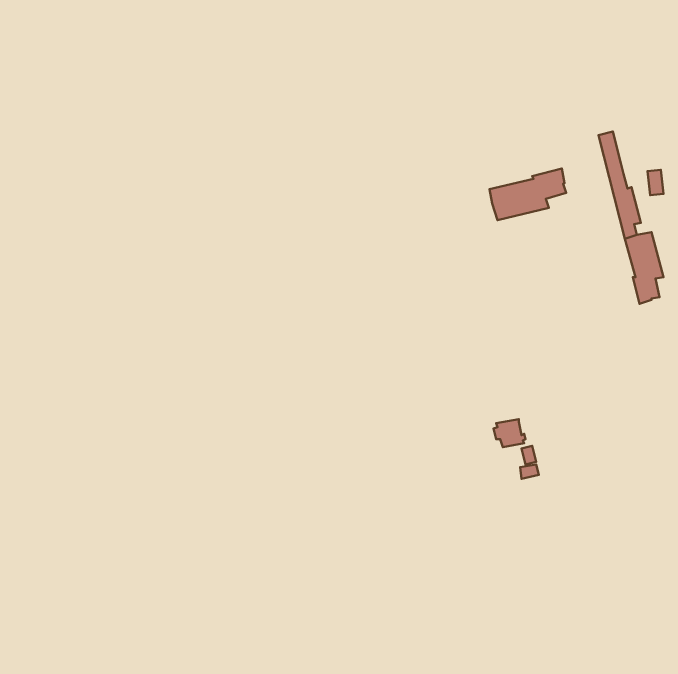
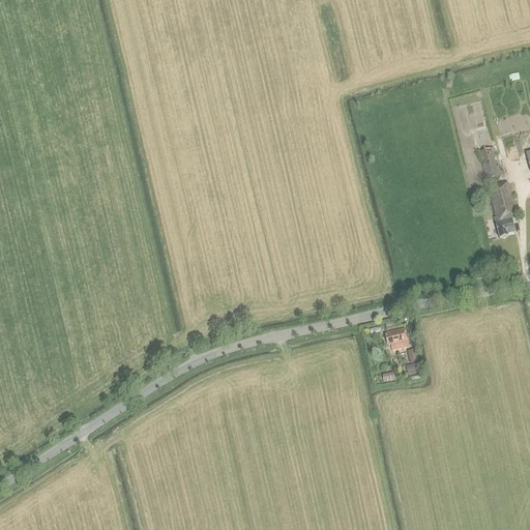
building: [490,169,566,220] -> none

